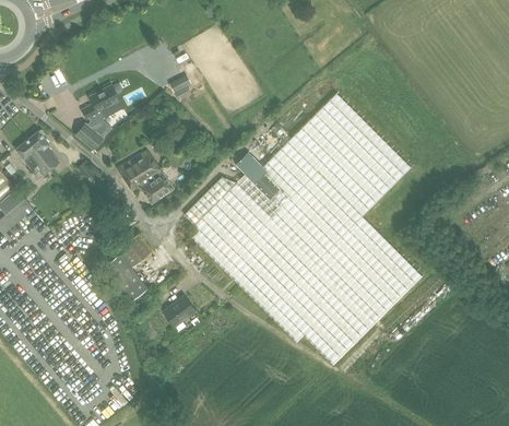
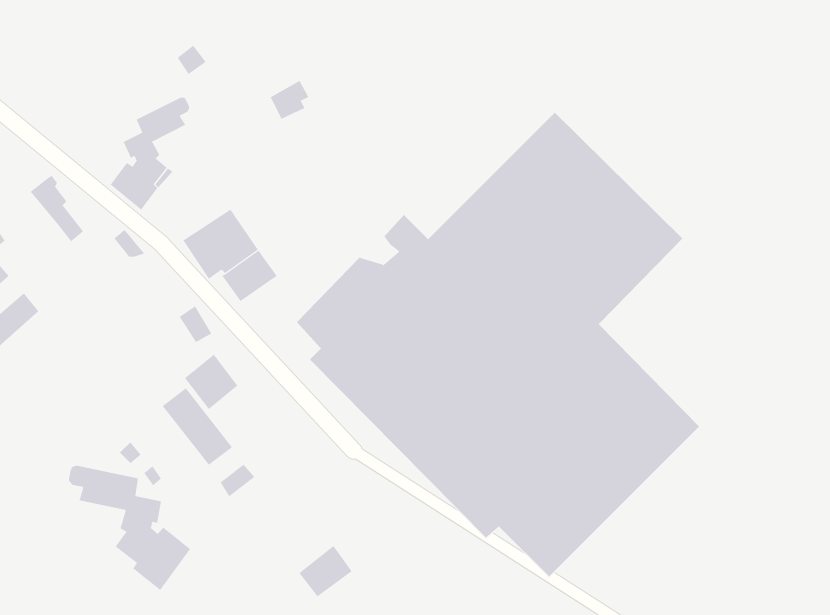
building: [15,139,51,175] -> none
building: [163,295,194,326] -> [299,545,353,597]
building: none -> [68,465,191,591]

